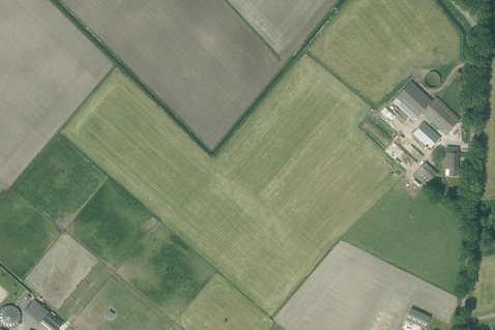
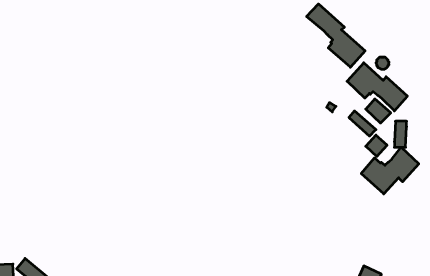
building: none -> [307,4,365,67]
building: none -> [361,147,419,194]

